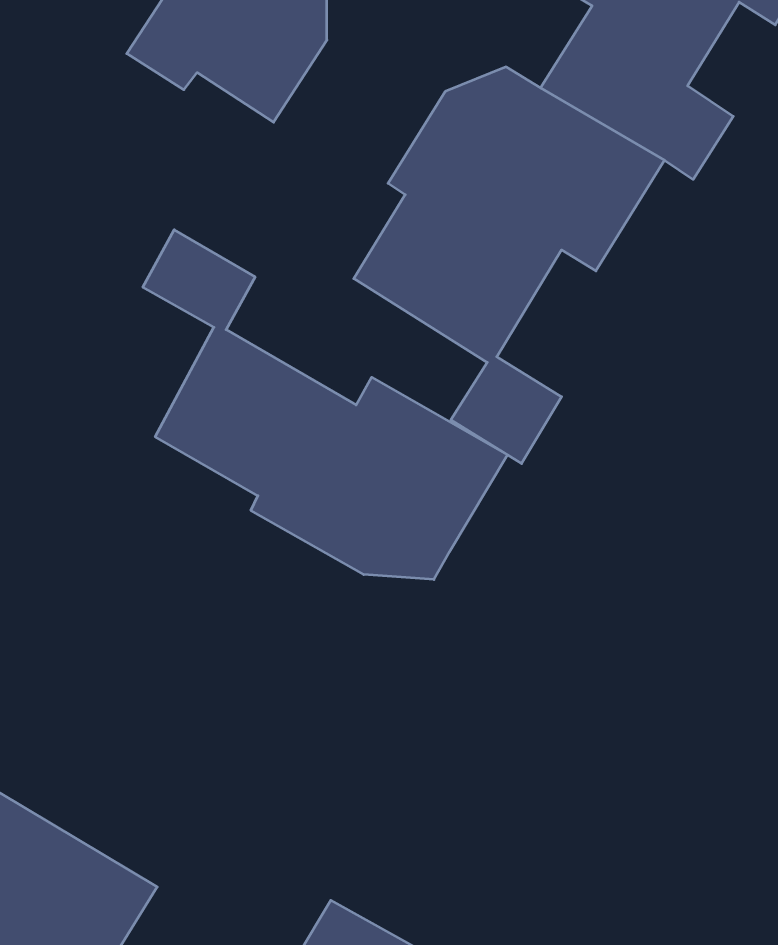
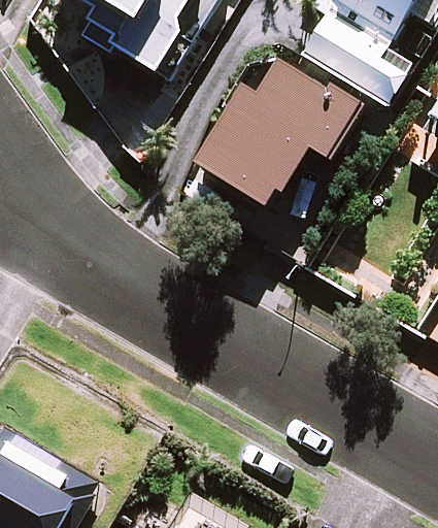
building: [143,230,508,580] -> none

